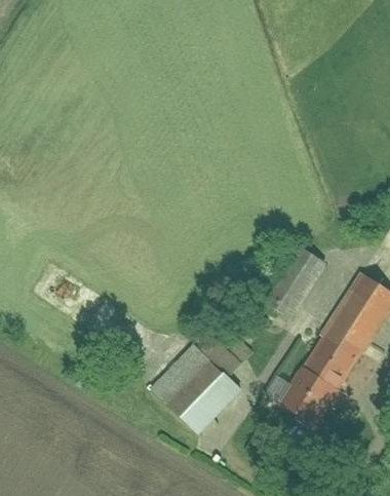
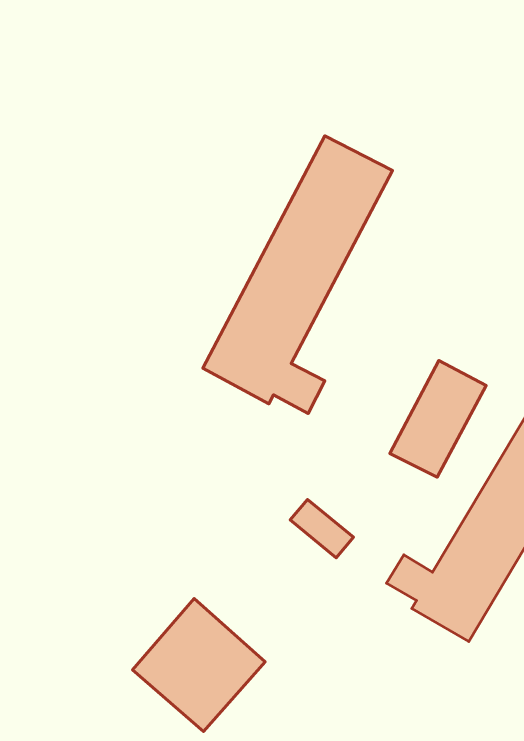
building: none -> [203,136,392,414]
building: [152,344,238,430] -> [132,599,265,731]

